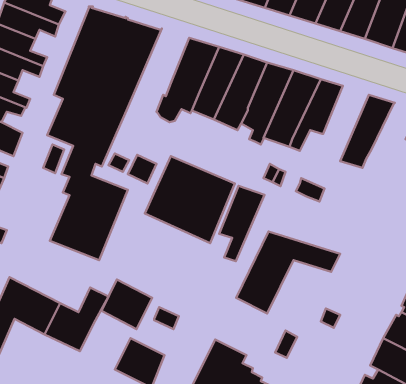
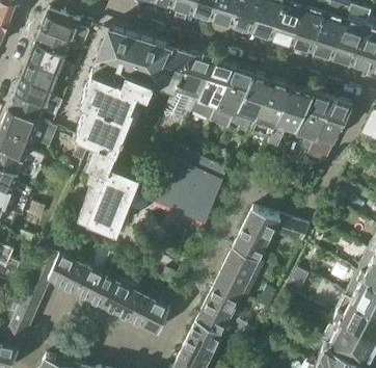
building: none -> [145,47,189,102]
building: [219,186,265,261] -> [296,93,332,153]
building: [101,280,152,329] -> [102,280,142,319]
building: none -> [210,262,251,308]

